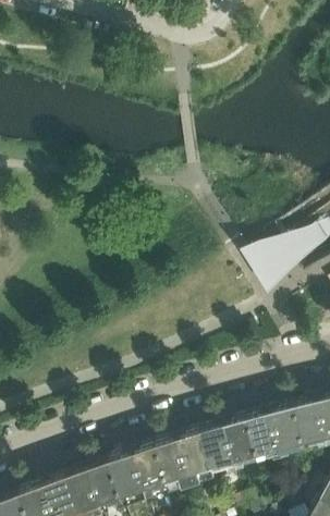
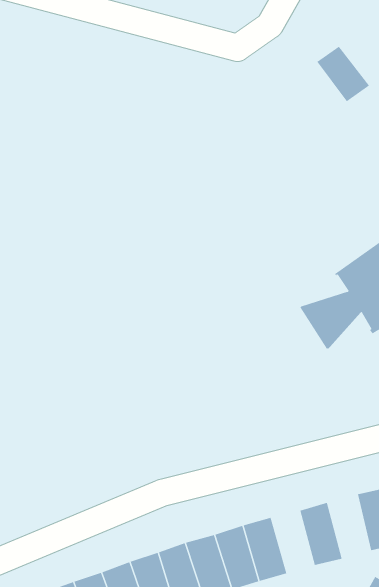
building: none -> [317,46,370,102]
building: [269,403,304,455] -> none
building: [223,416,258,467] -> none

